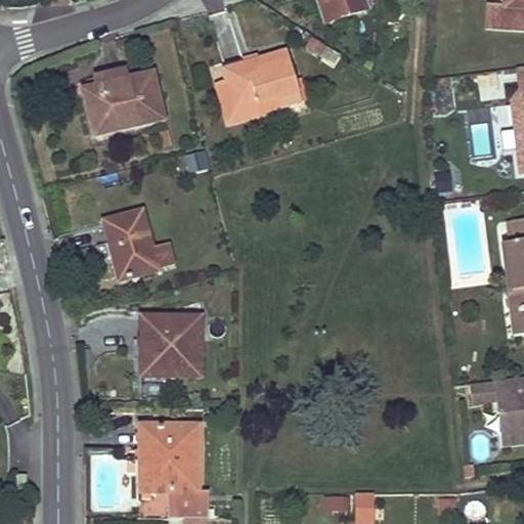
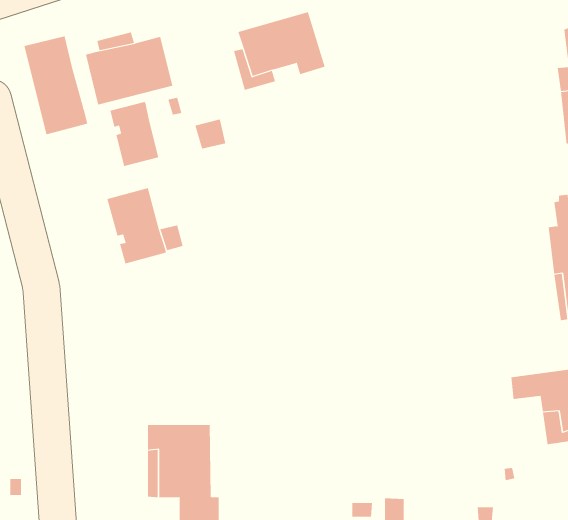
building: none -> [24,35,88,135]
building: none -> [110,101,159,167]
building: [139,314,202,377] -> none

